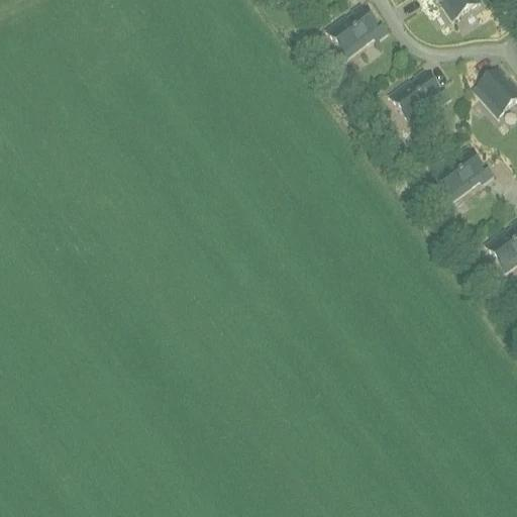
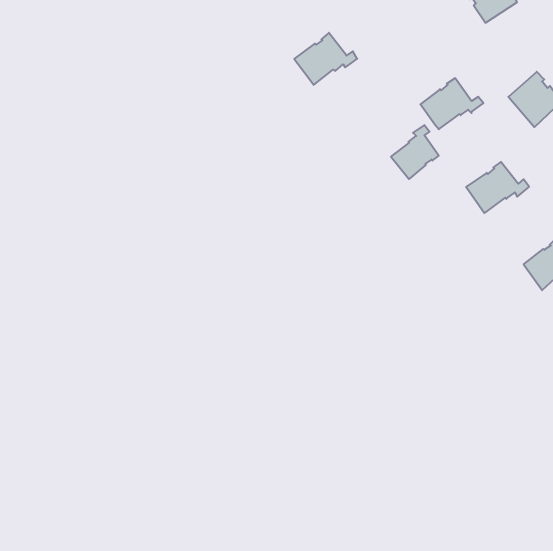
building: [329,7,388,56] -> [294,33,357,85]
building: none -> [391,125,439,179]

